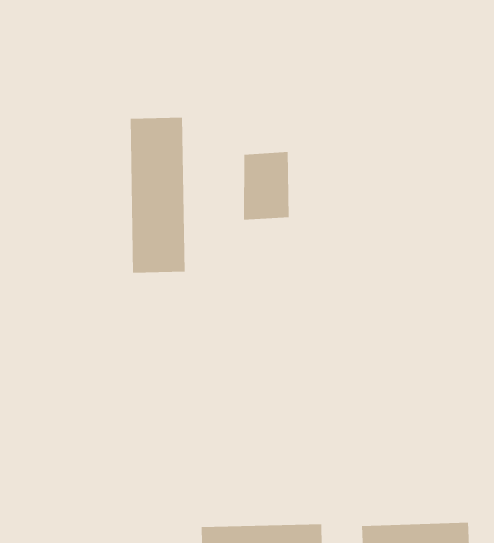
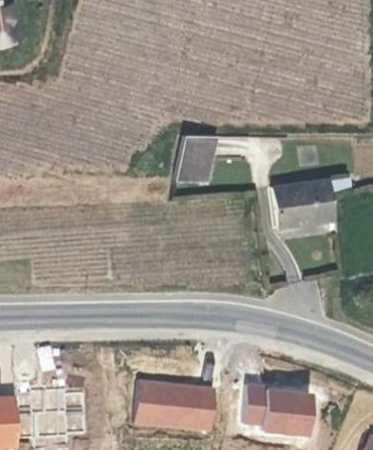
building: [130,117,185,274] -> none
building: none -> [265,181,329,229]

